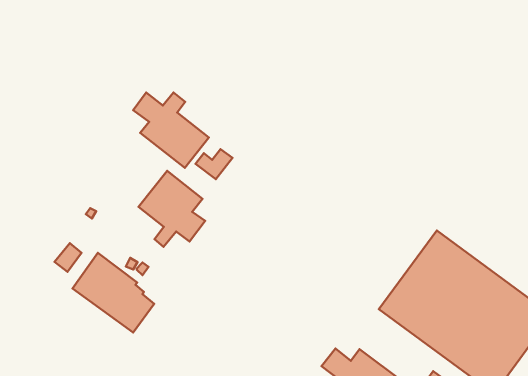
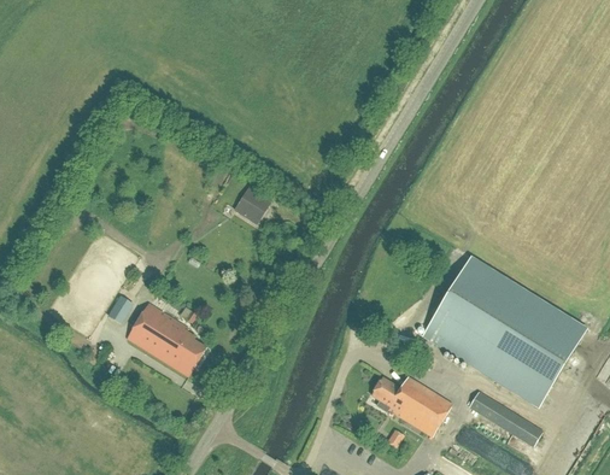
building: [133,93,209,168] -> none
building: [139,171,205,247] -> none

